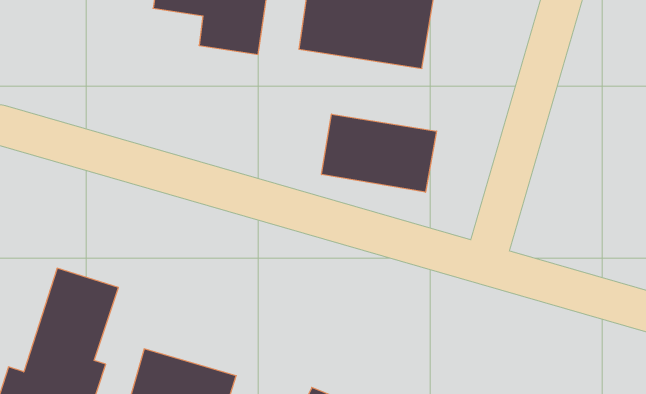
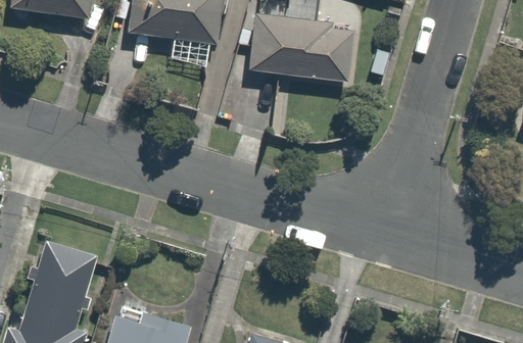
building: [322,114,437,192] -> none

